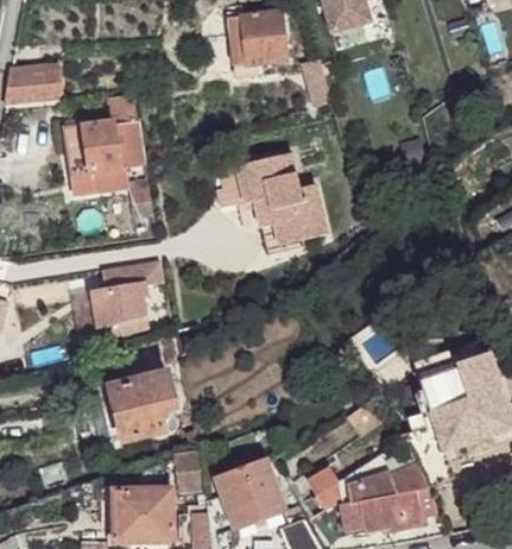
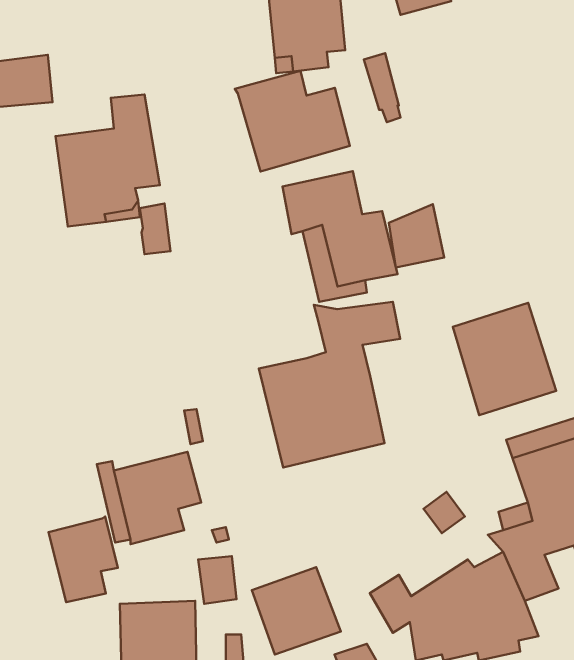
building: none -> [235,71,350,172]
building: none -> [389,204,444,268]
building: none -> [259,302,400,467]
building: none -> [453,303,556,415]
building: [83,258,163,346] -> none
building: none -> [49,516,118,602]

